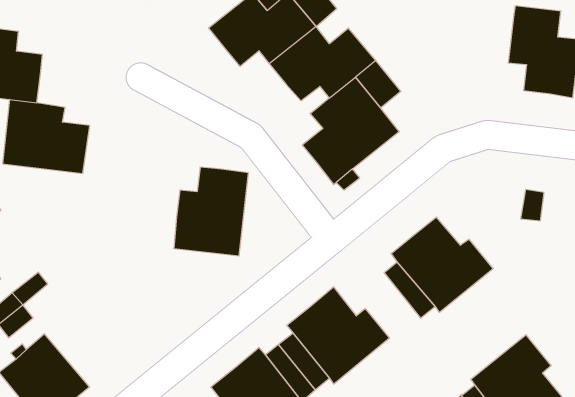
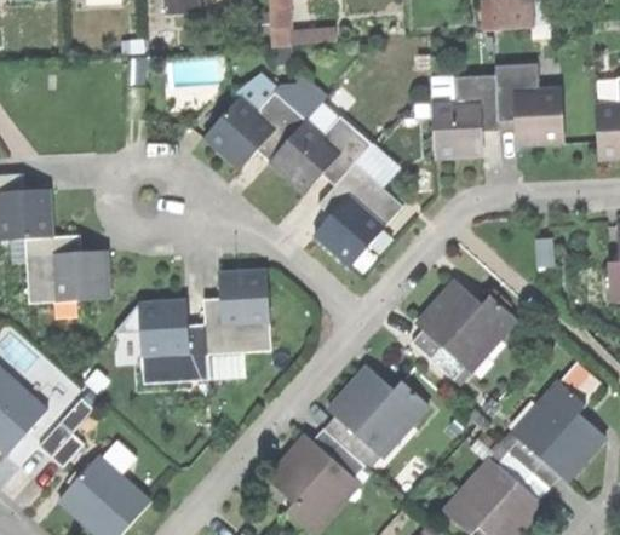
building: none -> [431,74,498,159]
building: none -> [138,298,208,381]

